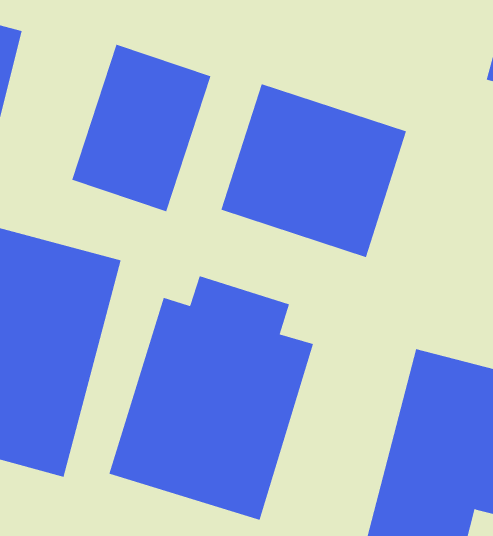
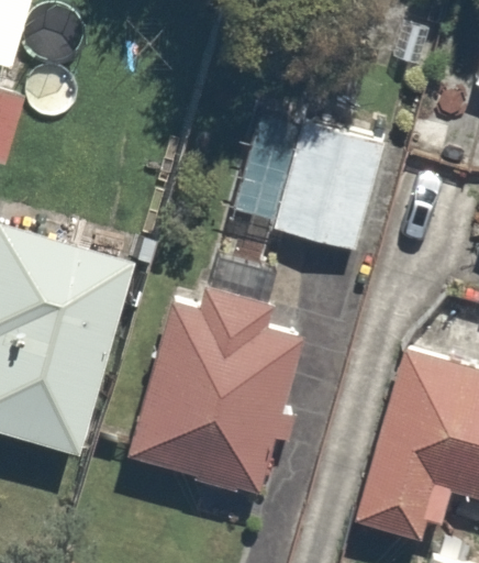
building: [71,44,211,212] -> none

